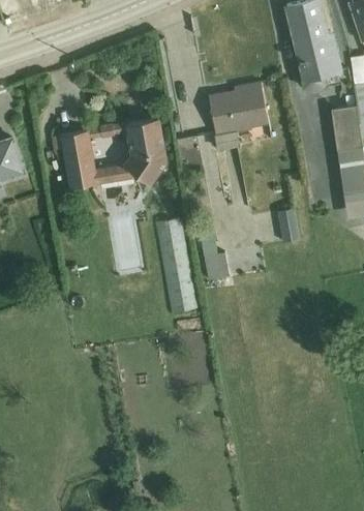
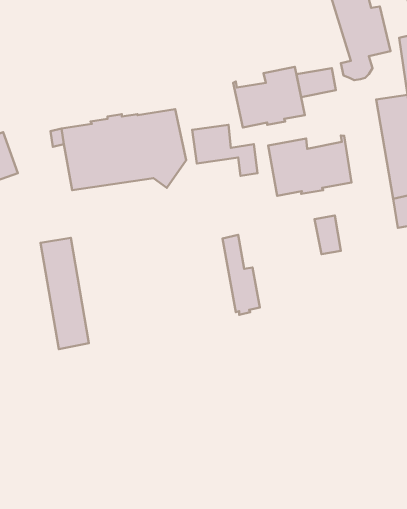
building: none -> [297,68,336,97]
building: none -> [268,135,352,196]
building: [155,221,196,317] -> [41,238,89,349]

